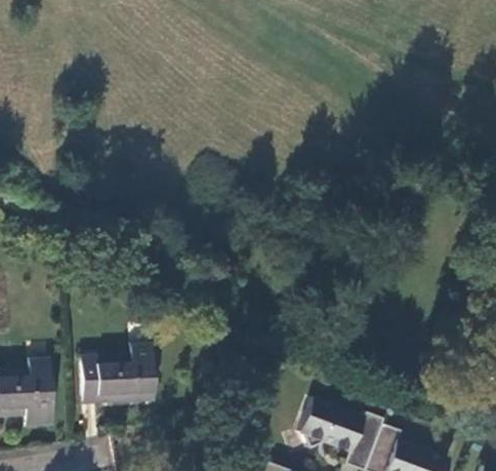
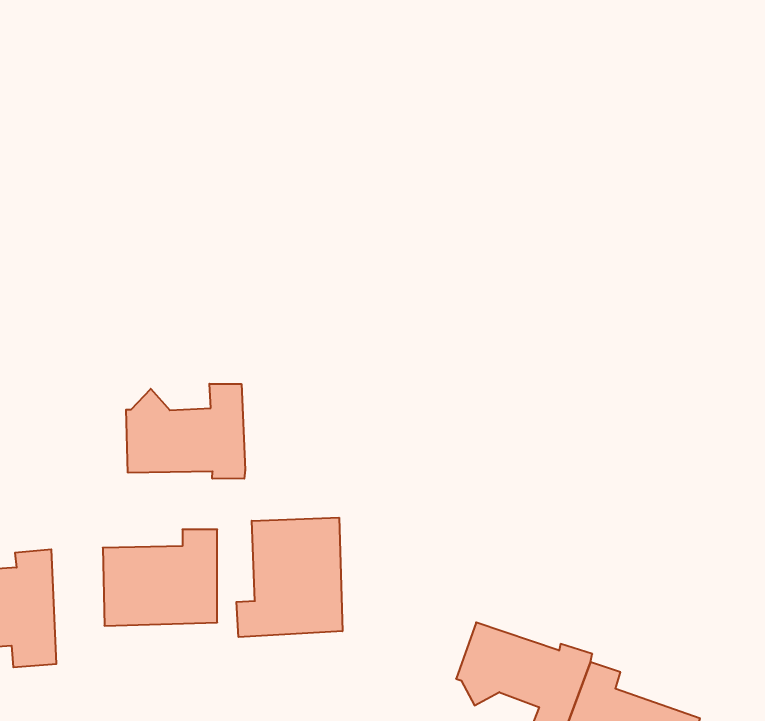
building: none -> [126,384,245,479]
building: none -> [236,518,342,637]

